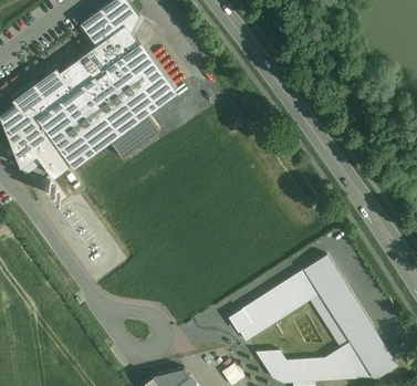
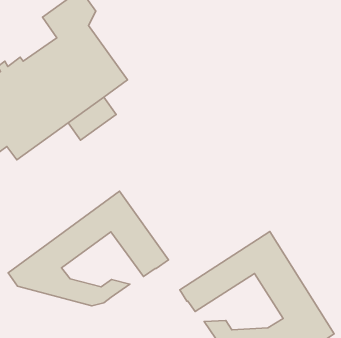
building: none -> [8,191,169,306]

